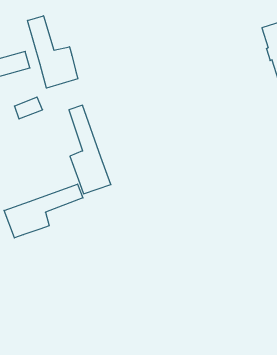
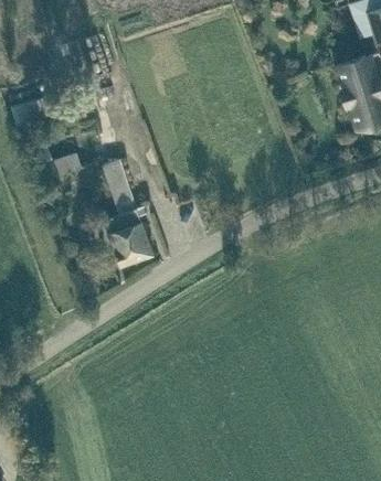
building: [28,16,78,88] -> none
building: [4,184,83,238] -> none

